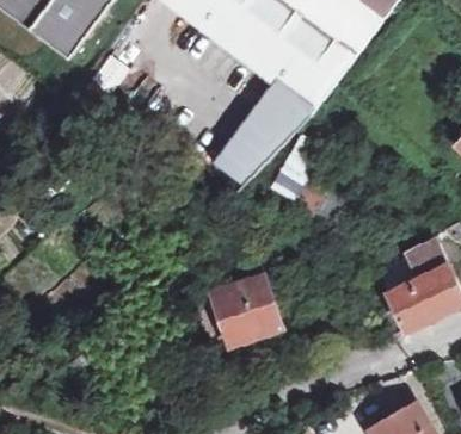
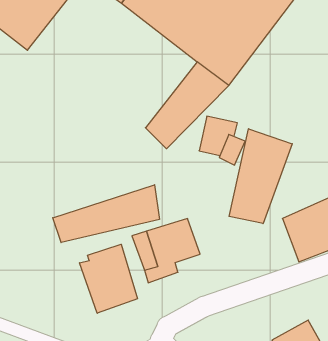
building: none -> [229,129,292,224]
building: none -> [53,185,159,243]
building: none -> [80,244,138,313]

